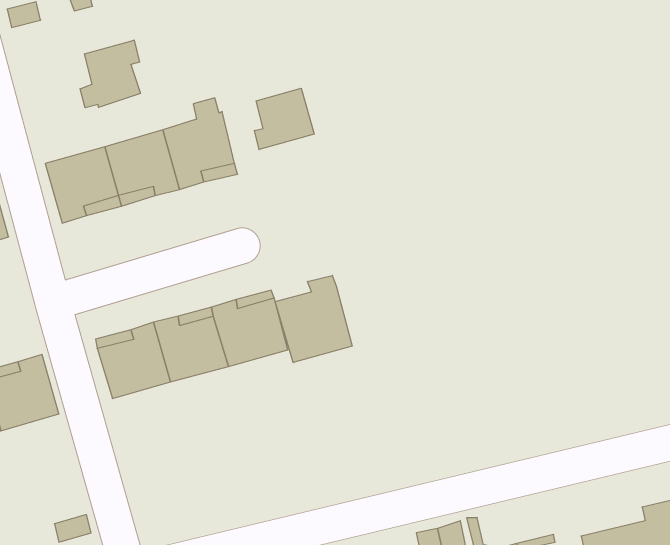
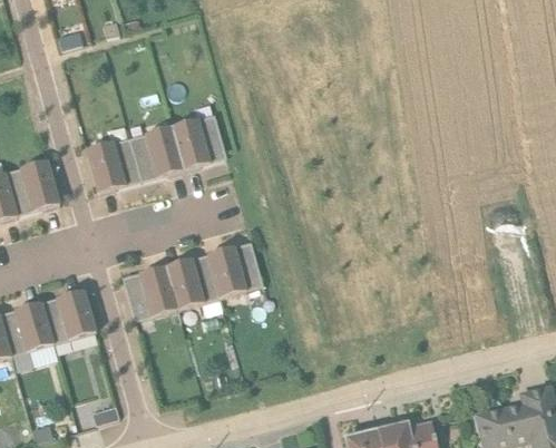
building: [80,40,140,108] -> none
building: [254,88,314,150] -> none
building: [275,275,352,363] -> none

